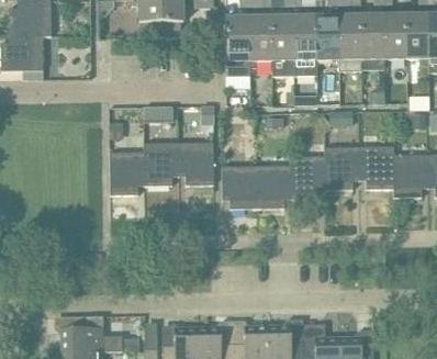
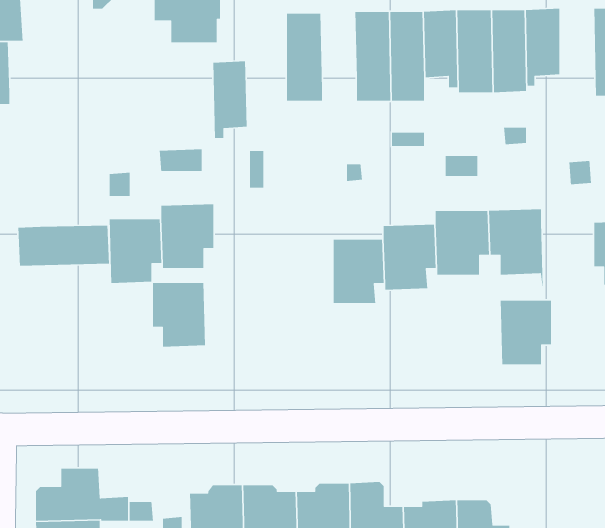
building: [406,13,429,80] -> none
building: [249,15,272,67] -> [212,60,247,139]
building: [179,142,214,184] -> [152,282,206,347]
building: [394,154,428,197] -> [500,300,552,365]
building: none -> [18,225,110,266]
building: [222,165,257,207] -> none

